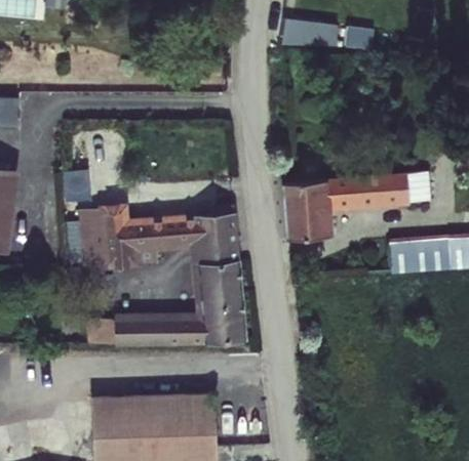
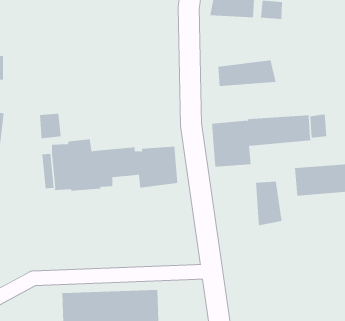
building: none -> [218,60,276,87]
building: none -> [255,181,282,226]
building: [87,259,247,346] -> none

